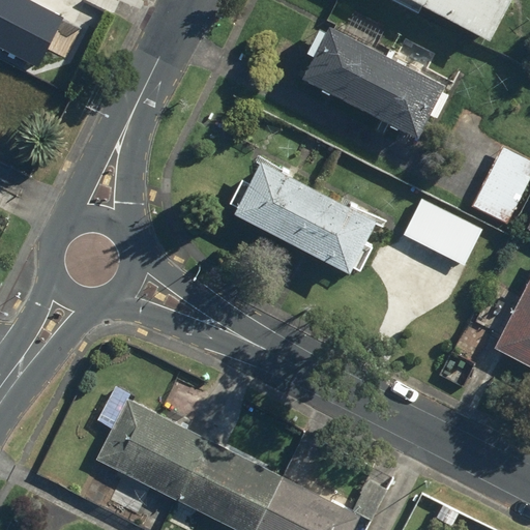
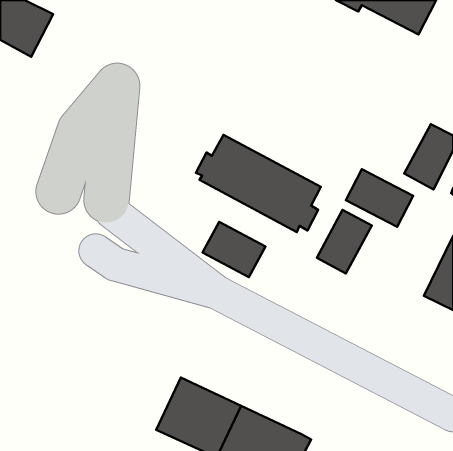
building: [299,14,450,139] -> none
building: none -> [317,210,372,274]
building: none -> [203,222,265,277]
building: [96,386,208,502] -> none

